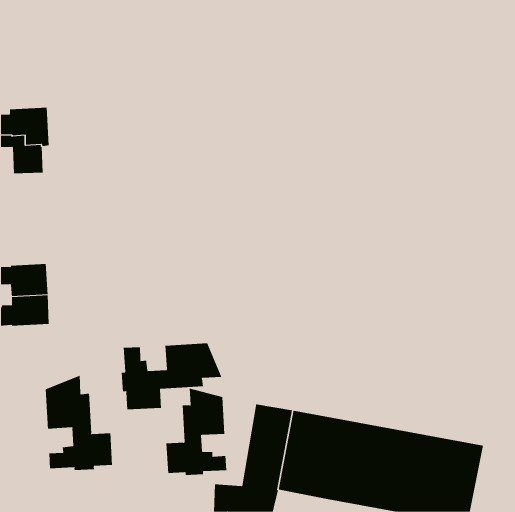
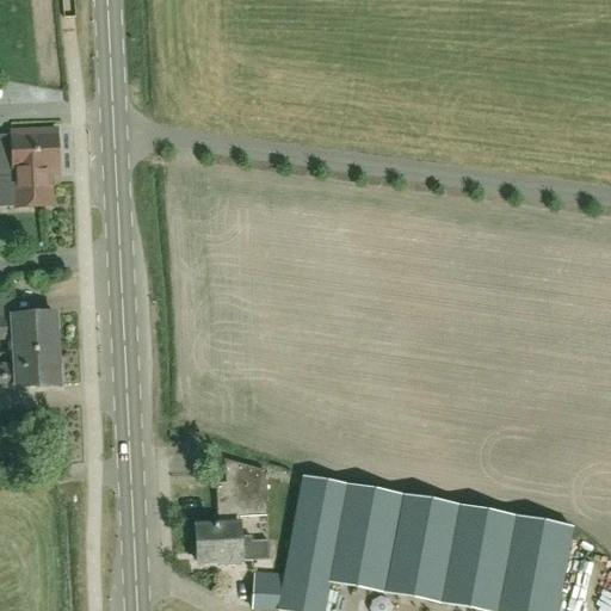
building: [121,343,222,410] -> none
building: [45,375,112,471] -> none

